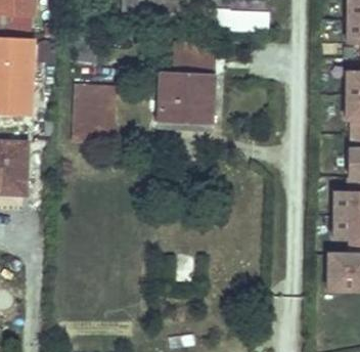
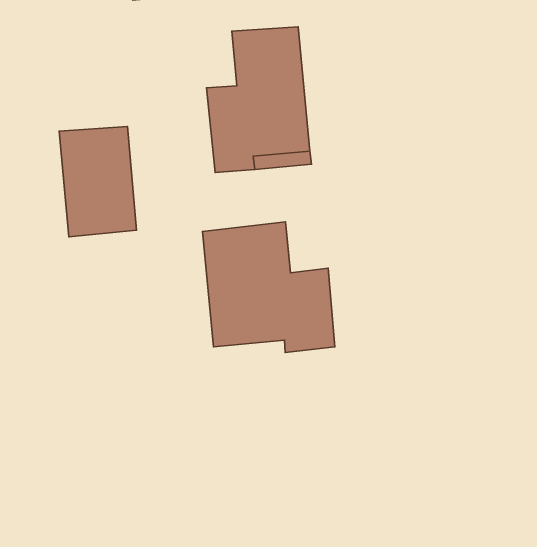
building: none -> [202,222,335,352]

